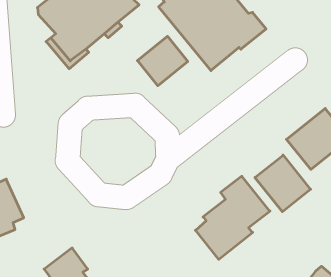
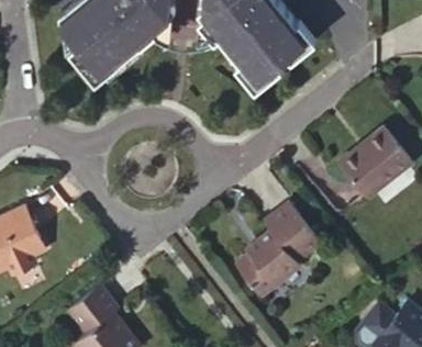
building: [137,36,188,86] -> none
building: [255,155,311,212] -> none

